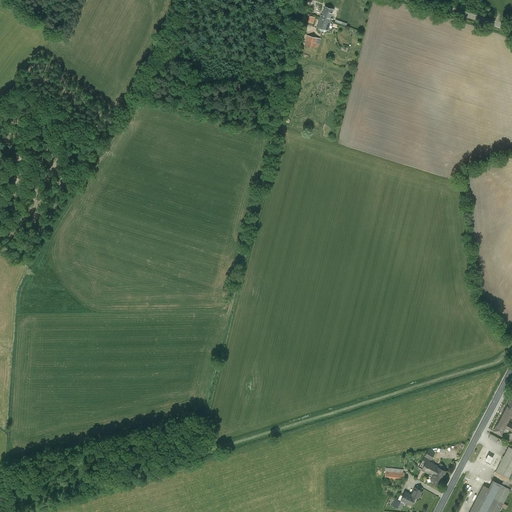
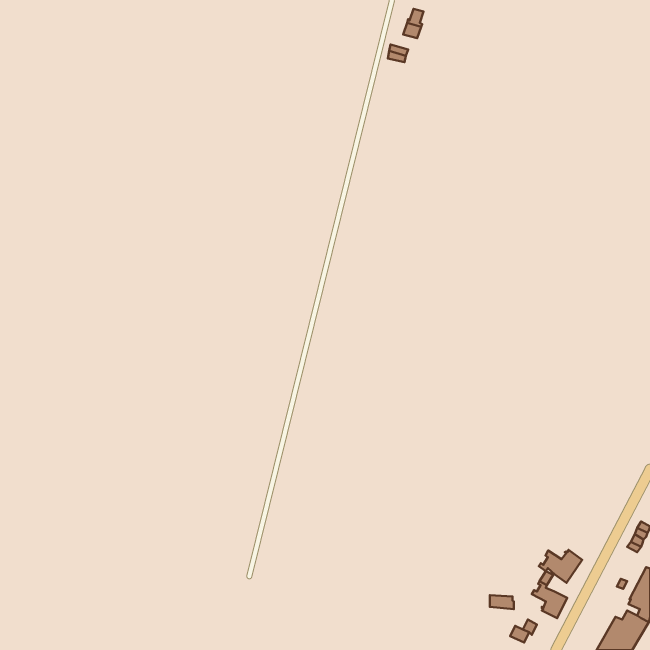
building: none -> [539,550,582,583]

